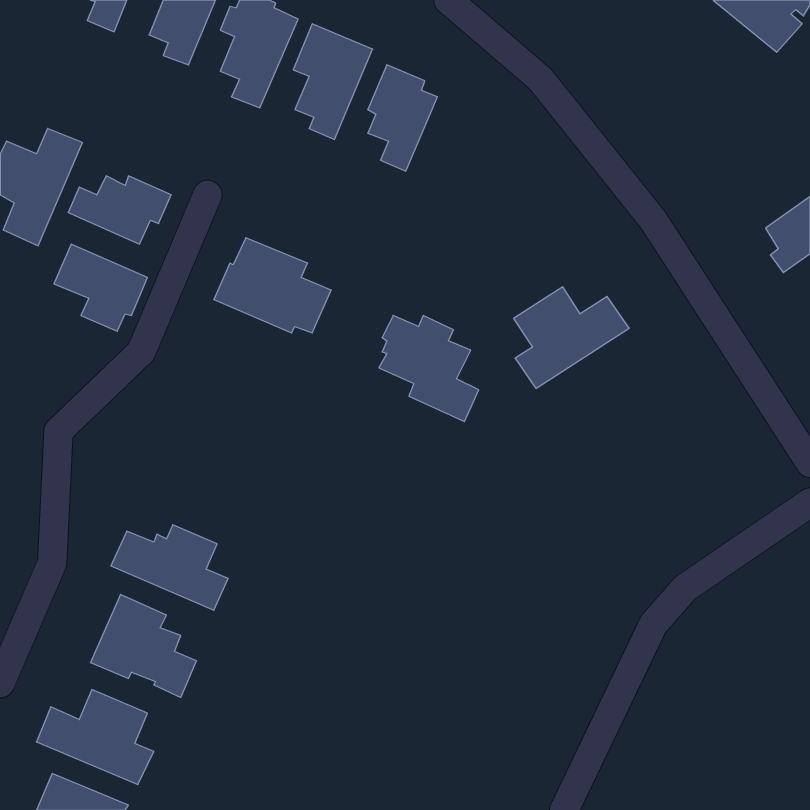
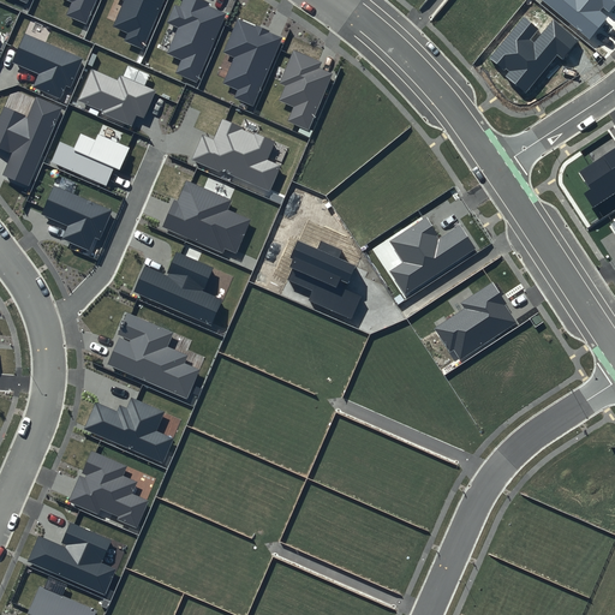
building: none -> [489,17,579,94]
building: none -> [12,32,84,98]
building: none -> [77,70,155,126]
building: none -> [192,119,280,192]
building: none -> [133,251,222,326]
building: none -> [434,281,517,359]
building: none -> [107,312,201,399]

